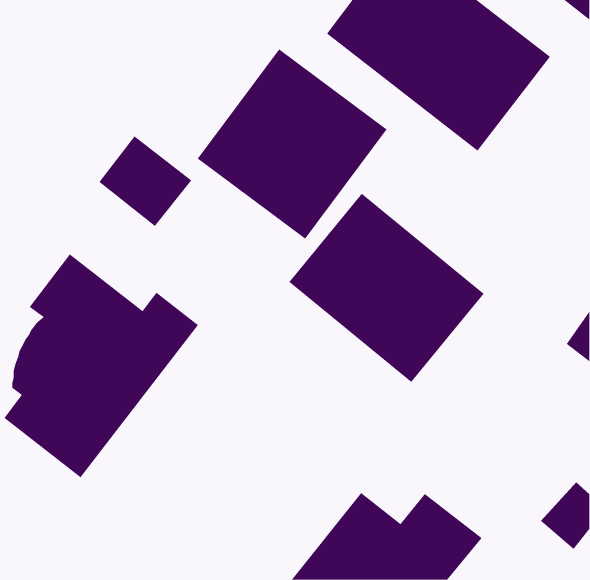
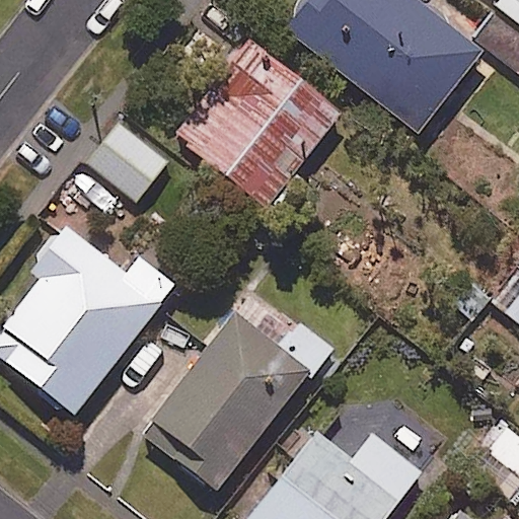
building: [288,193,485,383] -> none
building: none -> [143,312,331,488]

